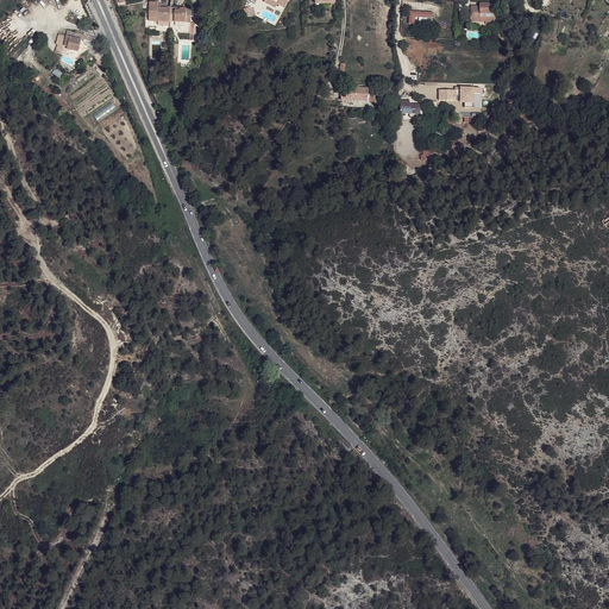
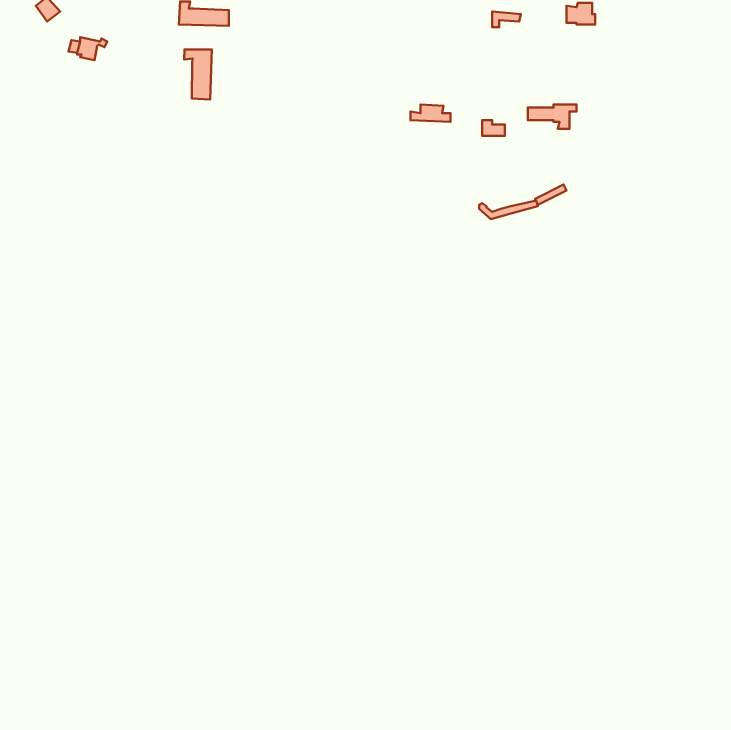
building: none -> [184,49,212,100]

